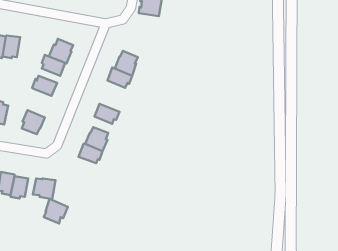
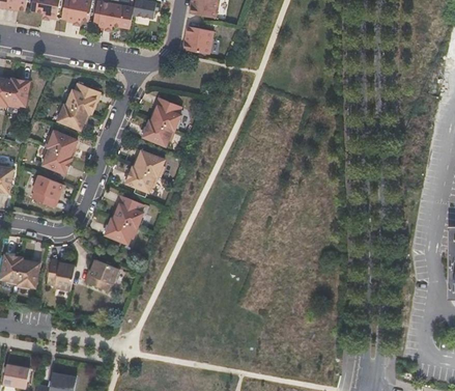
building: none -> [41,146,72,174]
building: none -> [134,149,164,177]
building: [44,199,68,224] -> [87,258,118,290]

